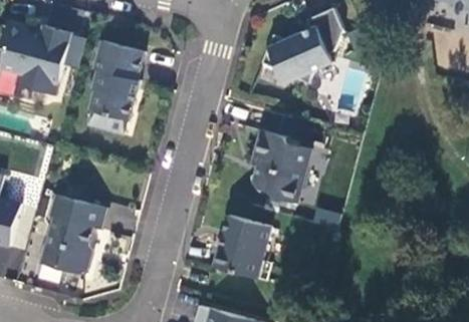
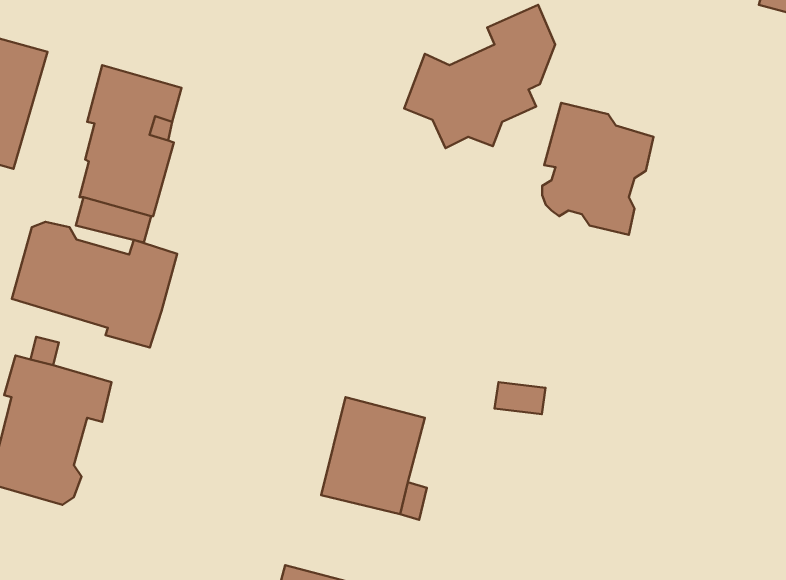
building: none -> [12,222,177,347]
building: [251,130,310,201] -> [542,103,653,235]

